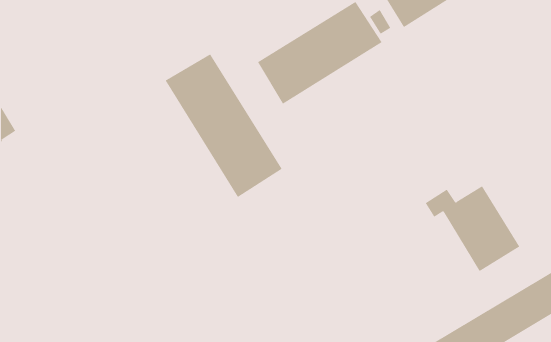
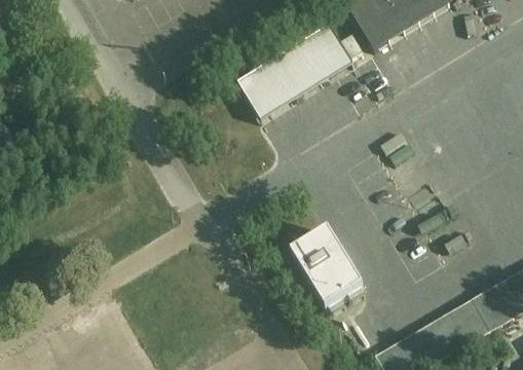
building: [165,53,283,198] -> none
building: [425,185,520,272] -> [275,227,364,307]

